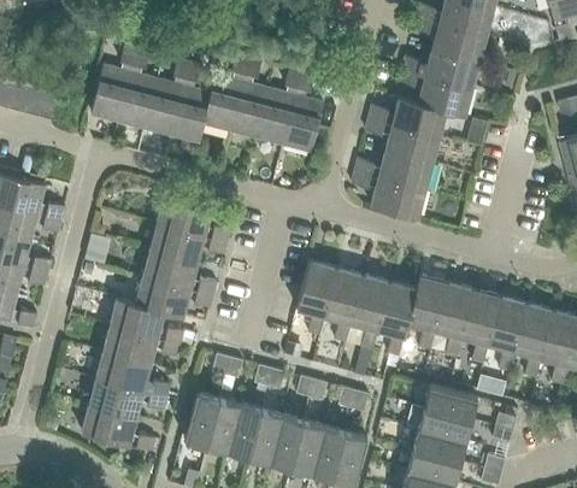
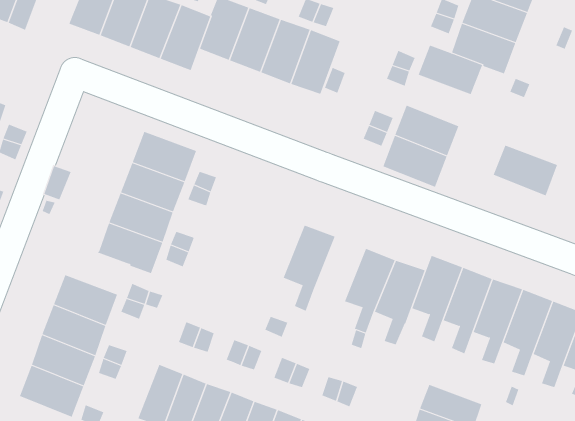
building: [384,124,438,164] -> [493,145,558,196]
building: [323,269,363,342] -> none
building: [110,298,164,337] -> none

